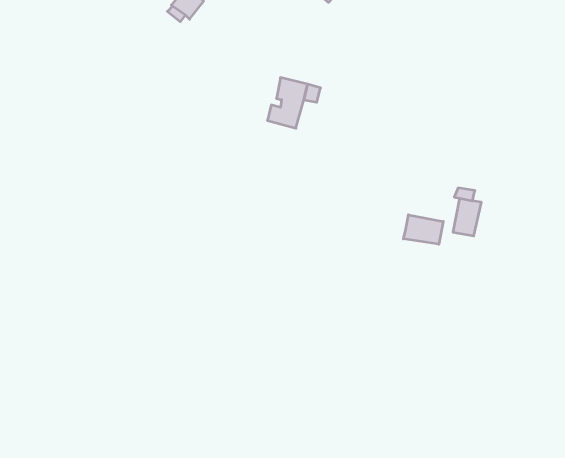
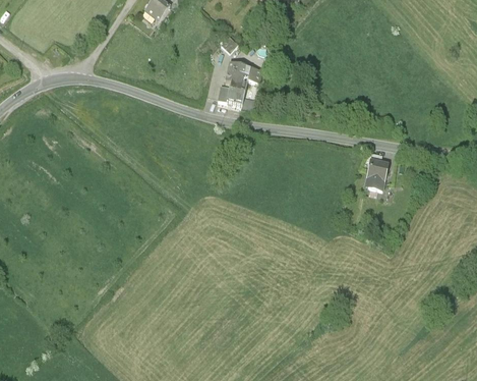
building: [403,215,443,244] -> none

